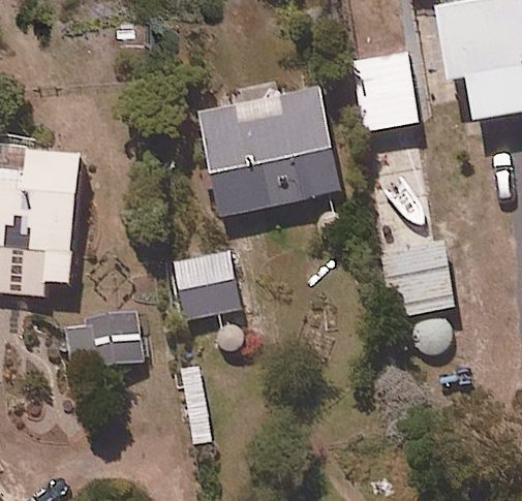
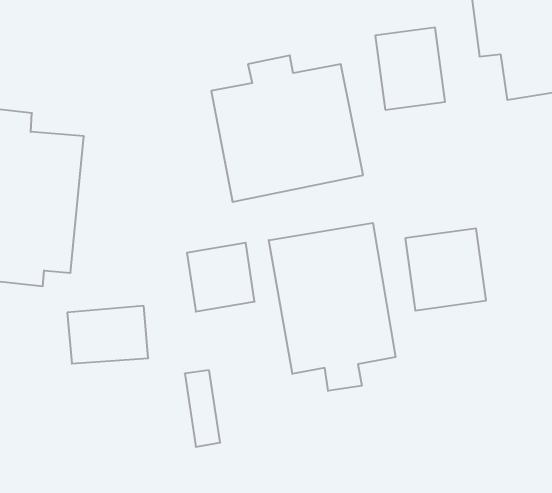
building: none -> [269,223,396,391]

